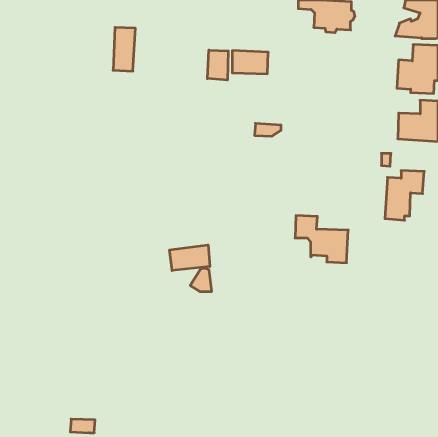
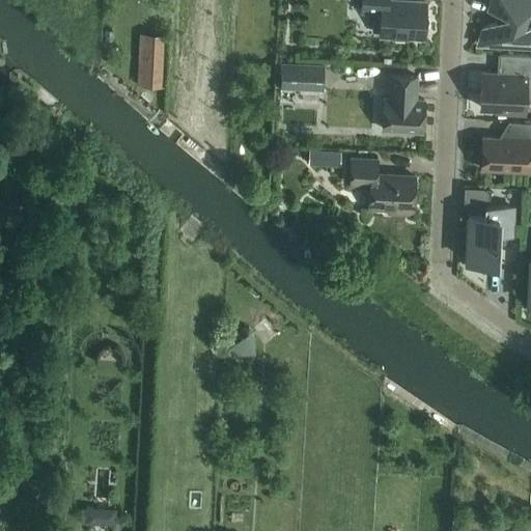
building: [207,50,228,80] -> none
building: none -> [383,76,424,132]
building: [295,216,348,263] -> [351,159,415,216]
building: [170,245,210,271] -> none

